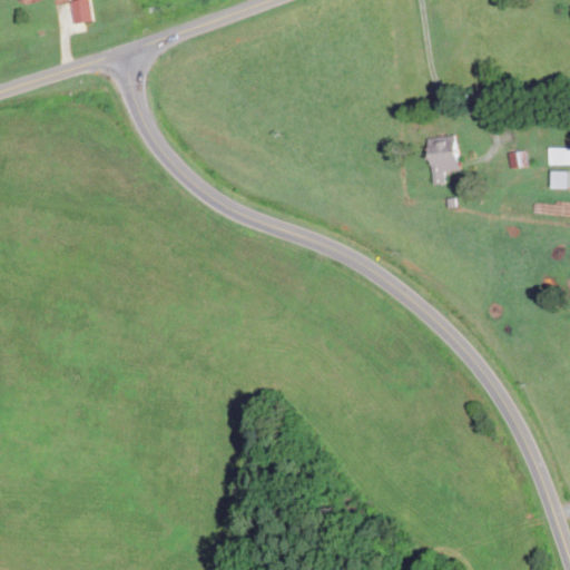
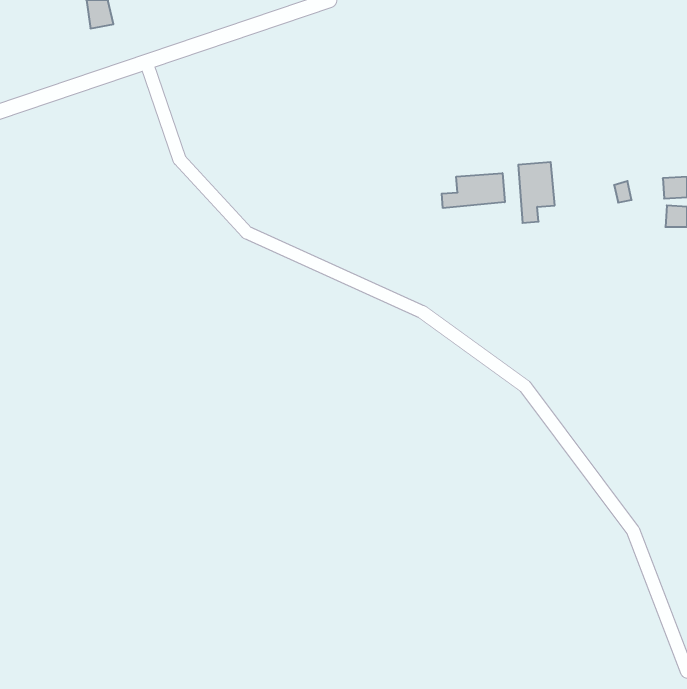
building: none -> [442,173,505,208]

